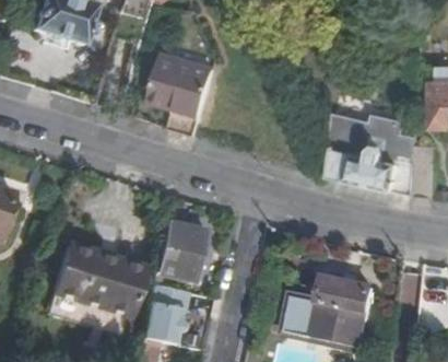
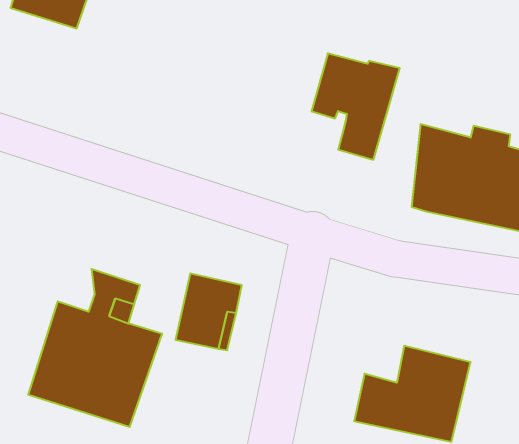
building: [150,55,215,133] -> [311,53,400,160]
building: [140,283,188,345] -> none

